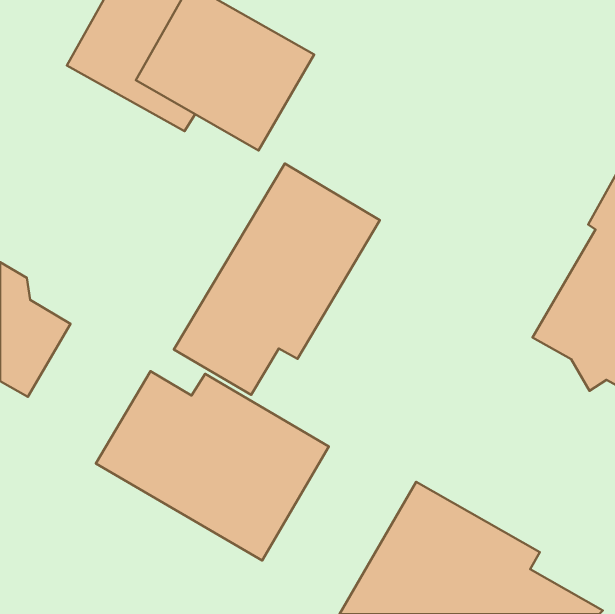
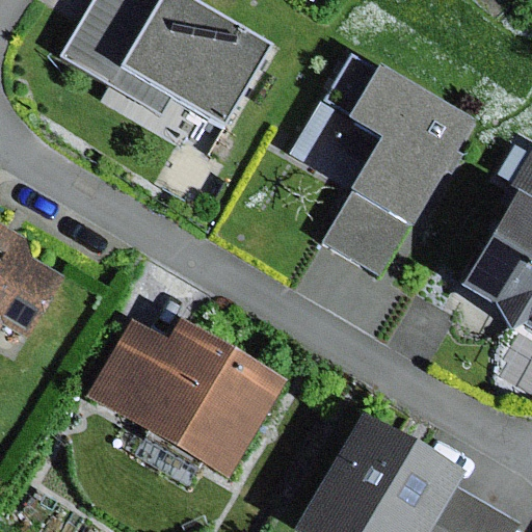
building: none -> [292,51,473,274]
building: [174,164,380,395] -> none

